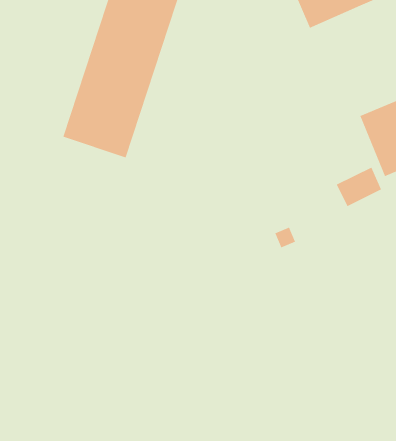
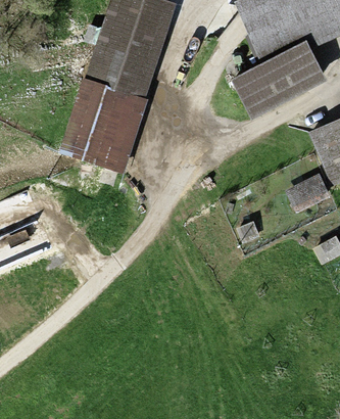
building: none -> [237,42,326,110]

